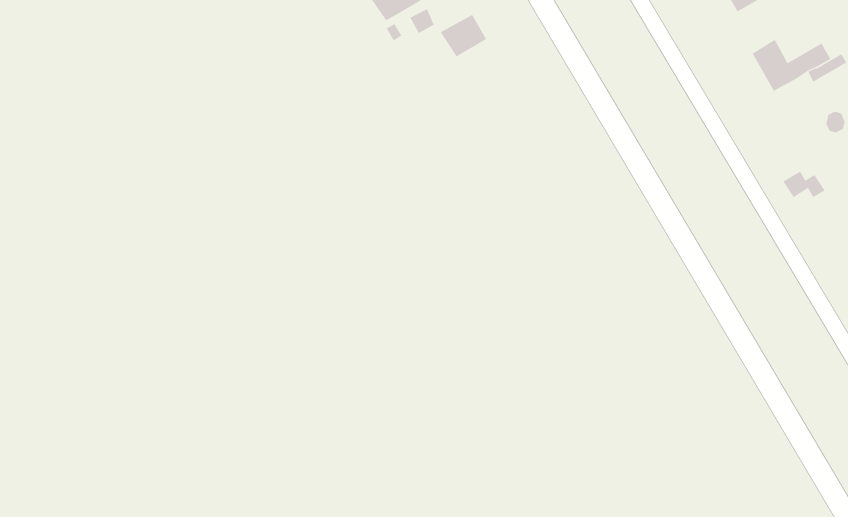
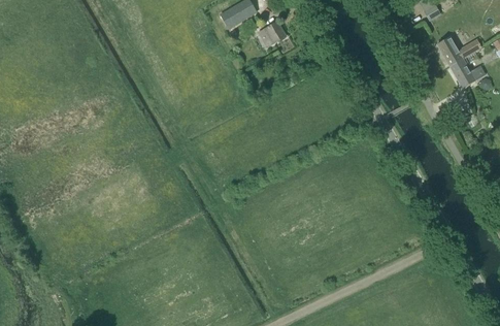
building: none -> [449,60,486,89]

